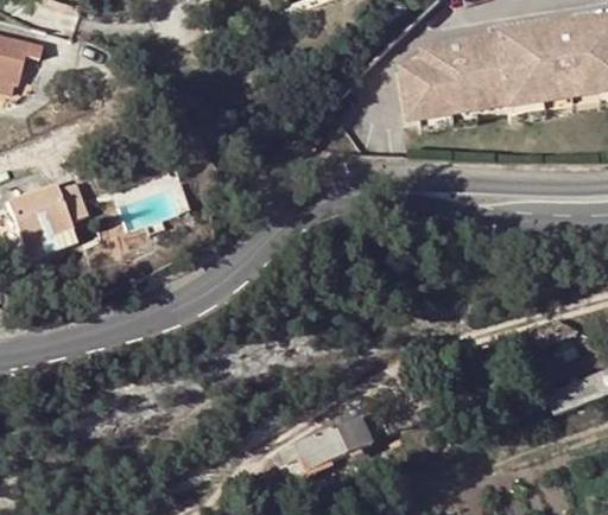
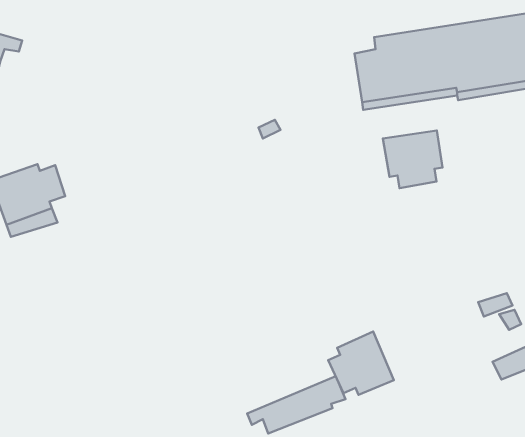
building: none -> [383,131,442,188]
building: none -> [328,331,394,395]

